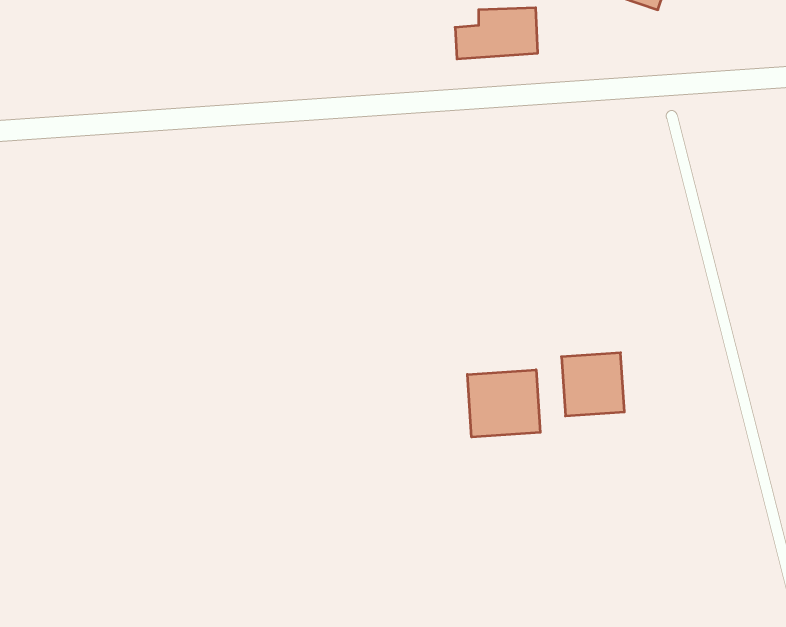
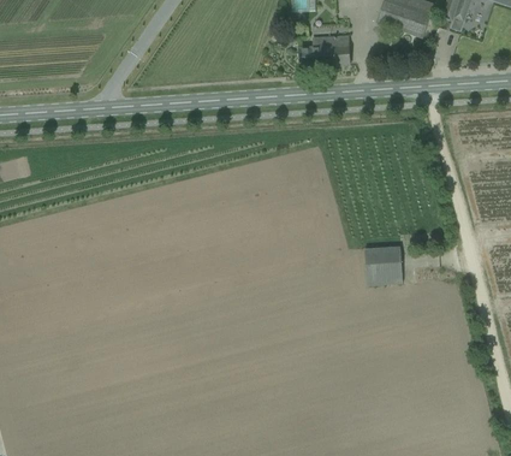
building: [467,370,540,437] -> none

